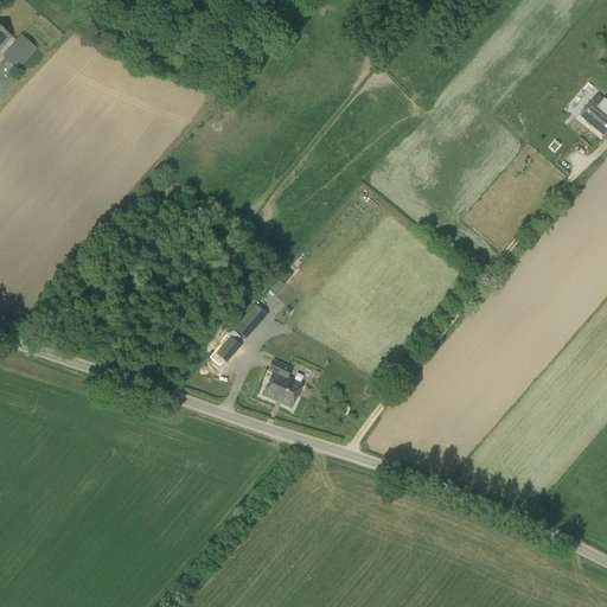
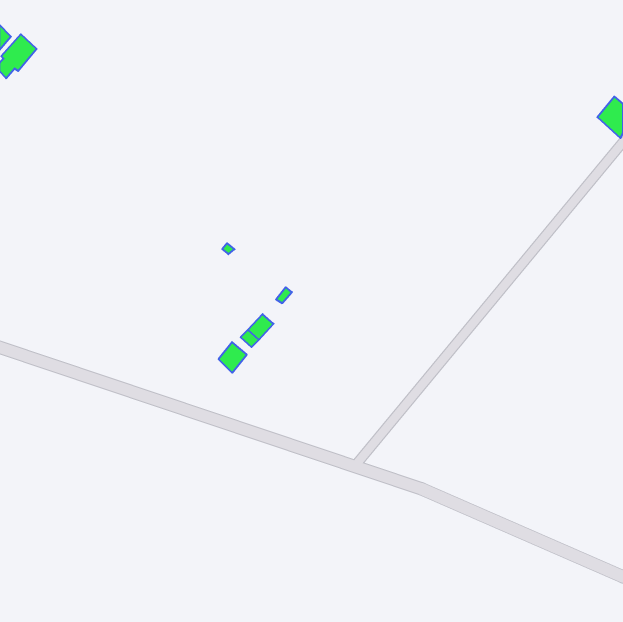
building: [261,359,300,407] -> none

